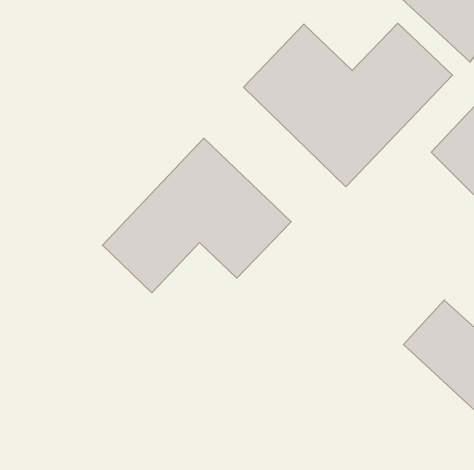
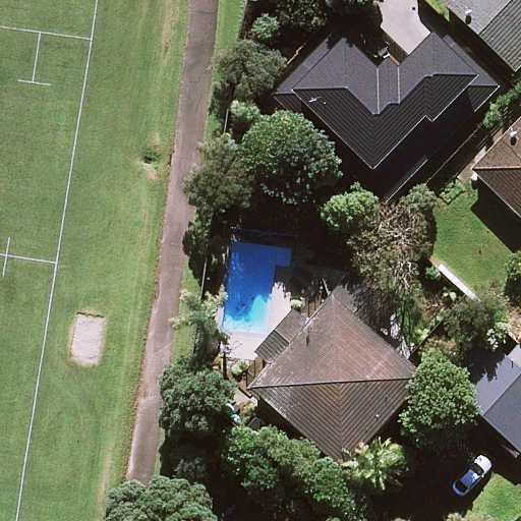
building: [102,138,291,293] -> none
building: none -> [249,288,423,463]

